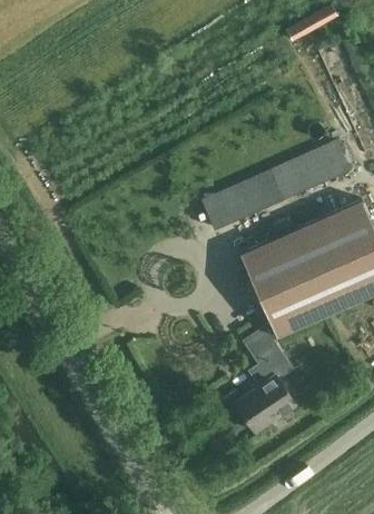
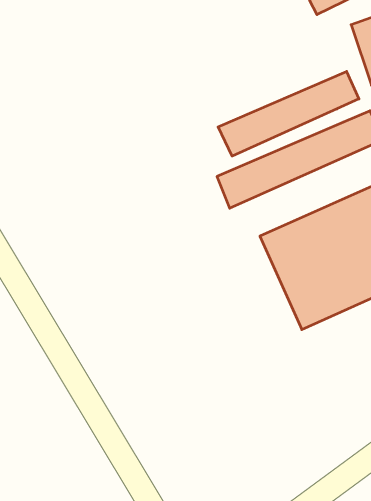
building: none -> [218,71,359,156]
building: [236,326,297,432] -> none

